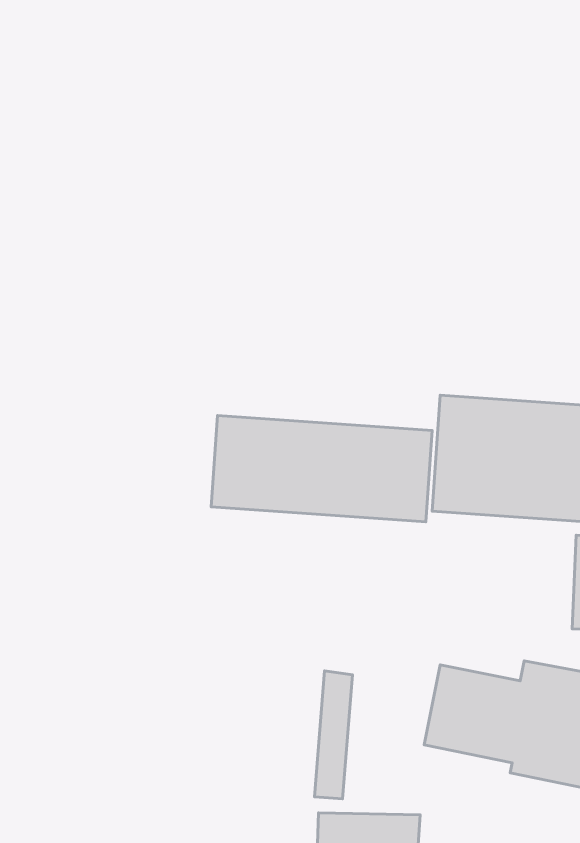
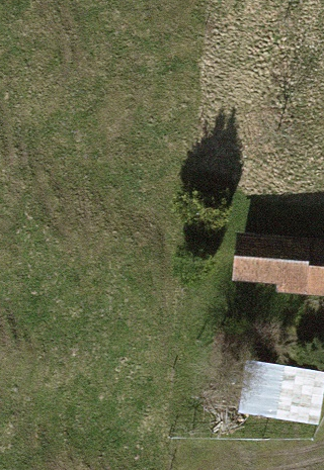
building: [211,416,432,522] -> none

